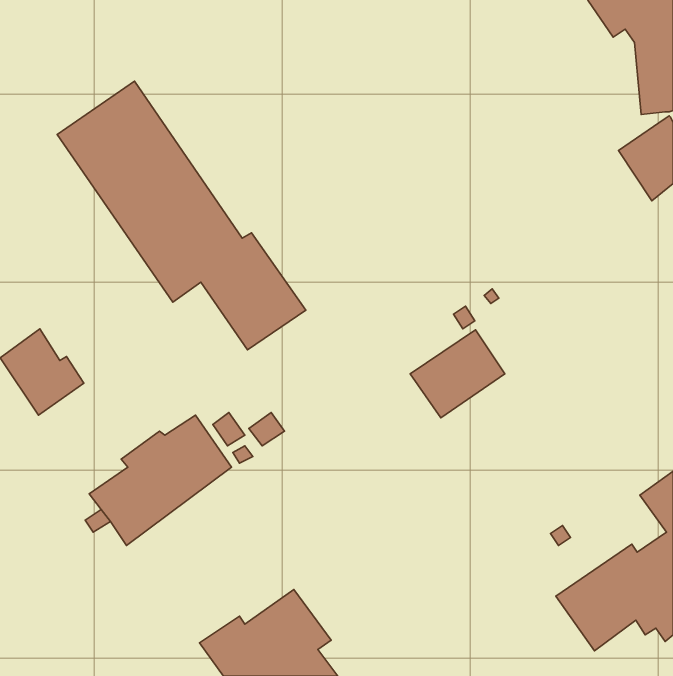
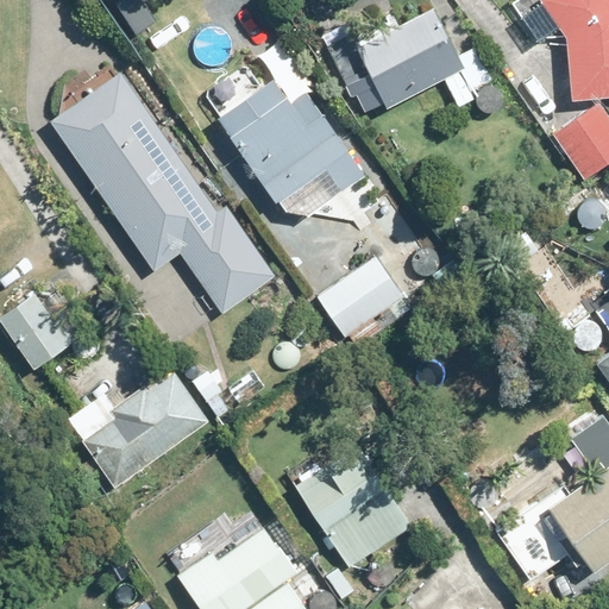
building: none -> [325,7,491,113]
building: none -> [220,81,365,211]
building: [410,330,505,418] -> [316,258,401,337]
building: none -> [301,446,412,560]

